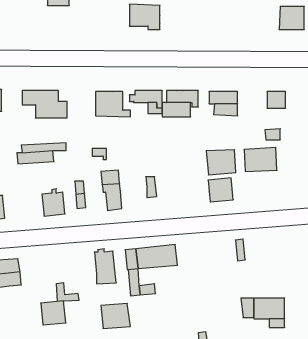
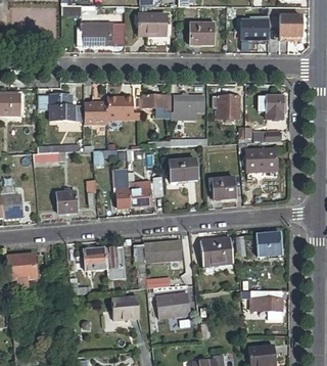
building: none -> [240,21,268,39]
building: none -> [190,24,214,45]
building: none -> [77,25,125,46]
building: none -> [83,102,106,124]
building: [206,150,236,175] -> [169,158,196,182]
building: none -> [130,184,151,205]
building: none -> [258,233,282,254]
building: none -> [200,237,233,266]
building: none -> [157,290,191,316]
building: [41,301,66,325] -> [84,246,107,269]

